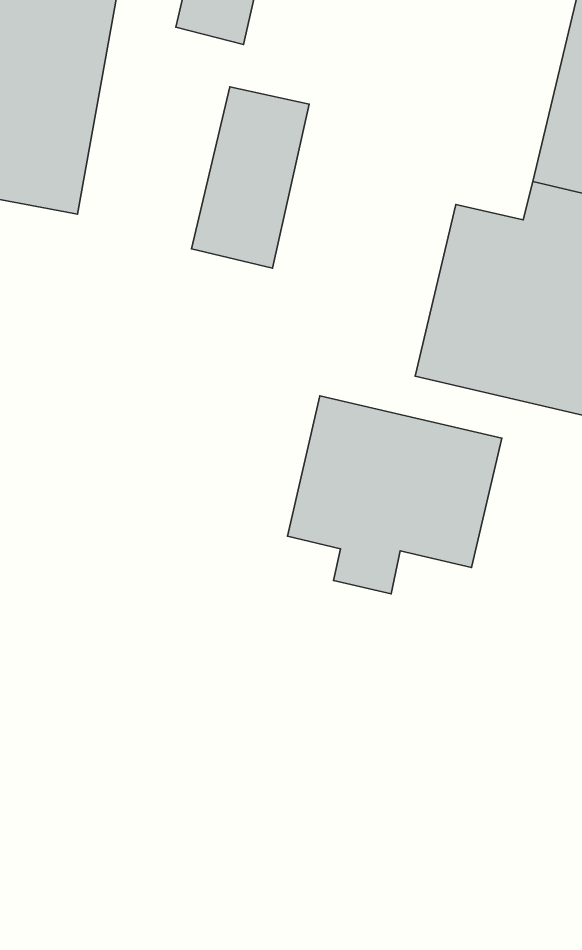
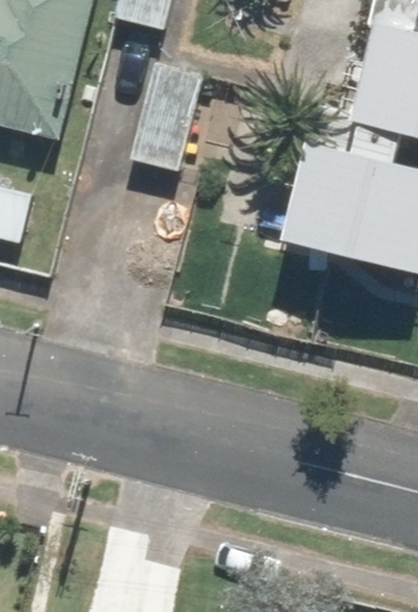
building: [288,396,502,594] -> none

